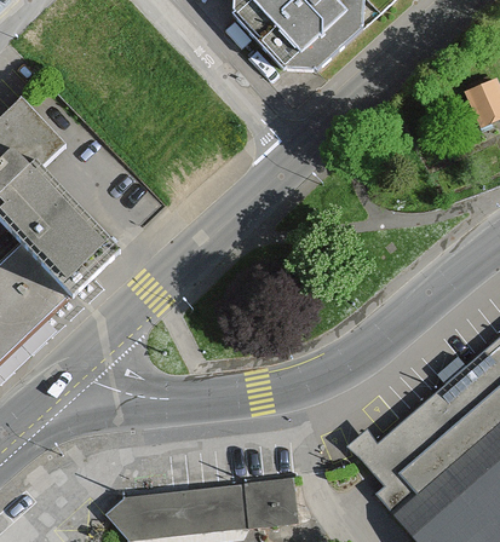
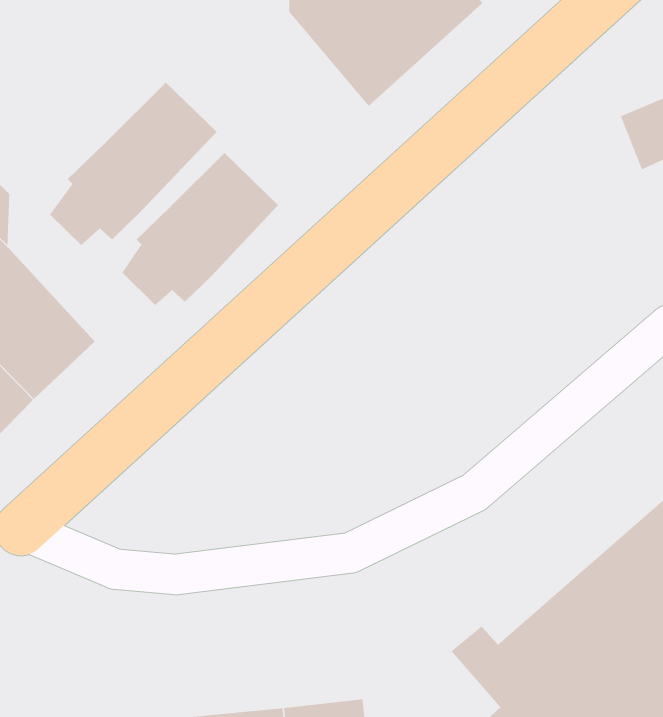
building: none -> [49,82,217,246]
building: none -> [121,152,279,306]

